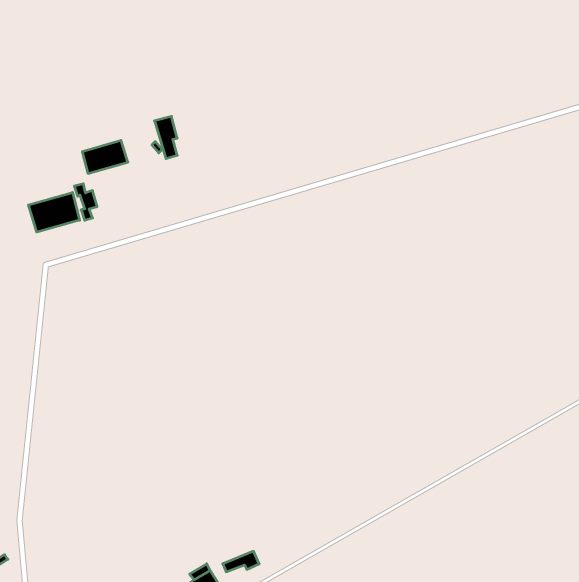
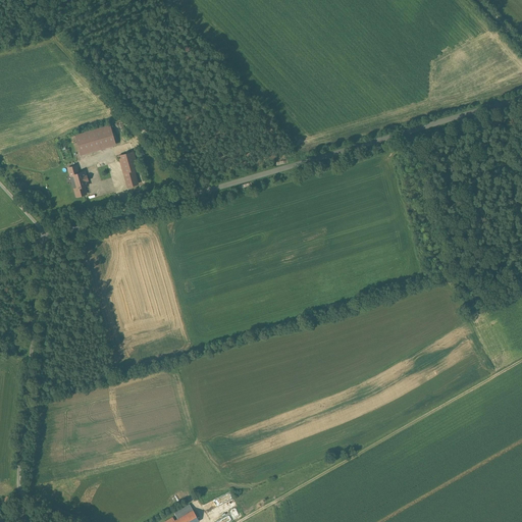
building: [154,116,177,159] -> [116,151,137,189]
building: [28,192,80,232] -> none

